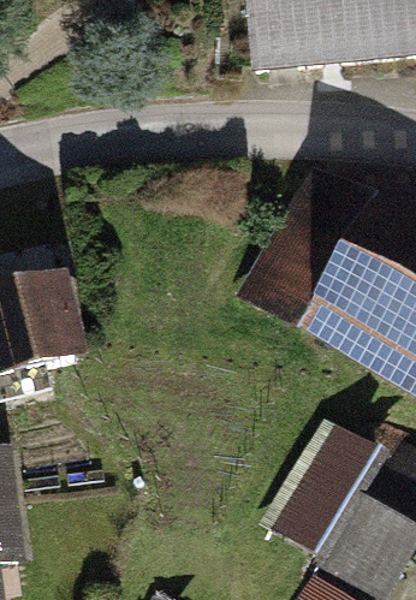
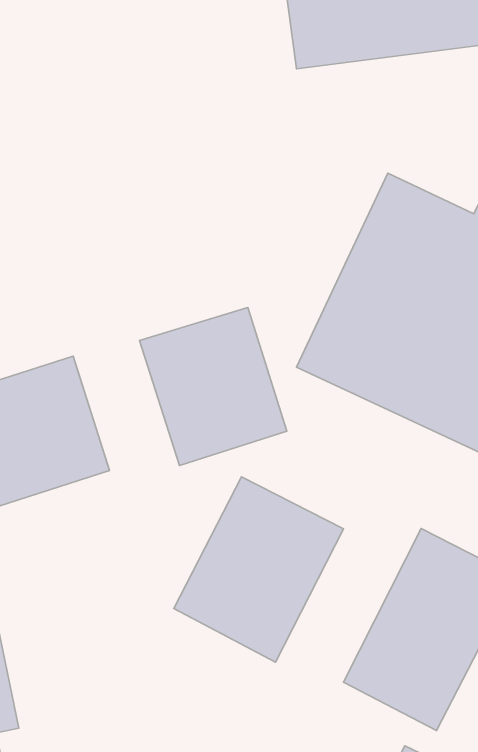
building: none -> [140,307,287,465]
building: none -> [174,477,343,662]

